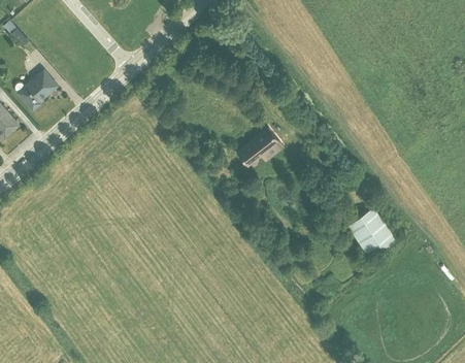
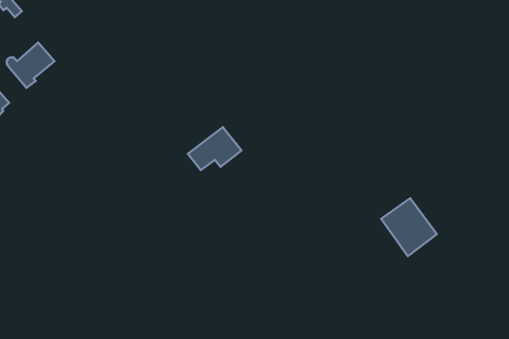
building: [236,127,284,165] -> [188,127,241,170]

